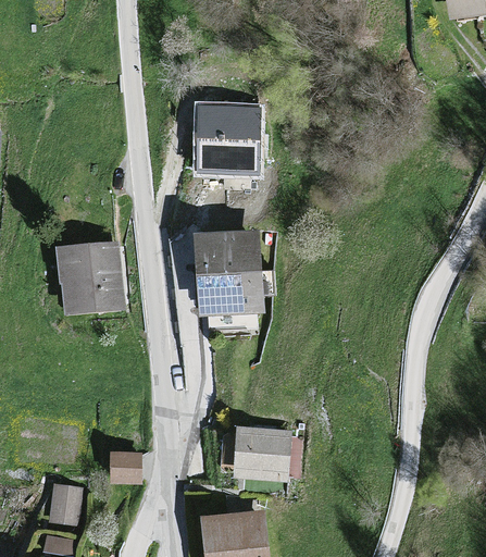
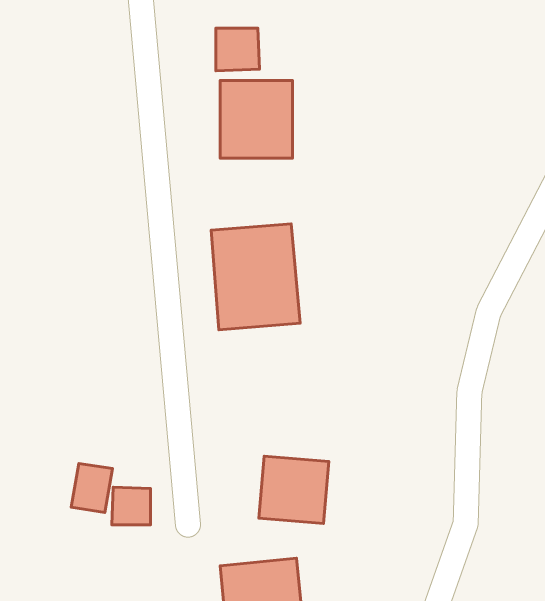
building: none -> [216,28,259,71]
building: [55,239,126,317] -> none
building: [47,484,82,525] -> [71,463,112,512]

